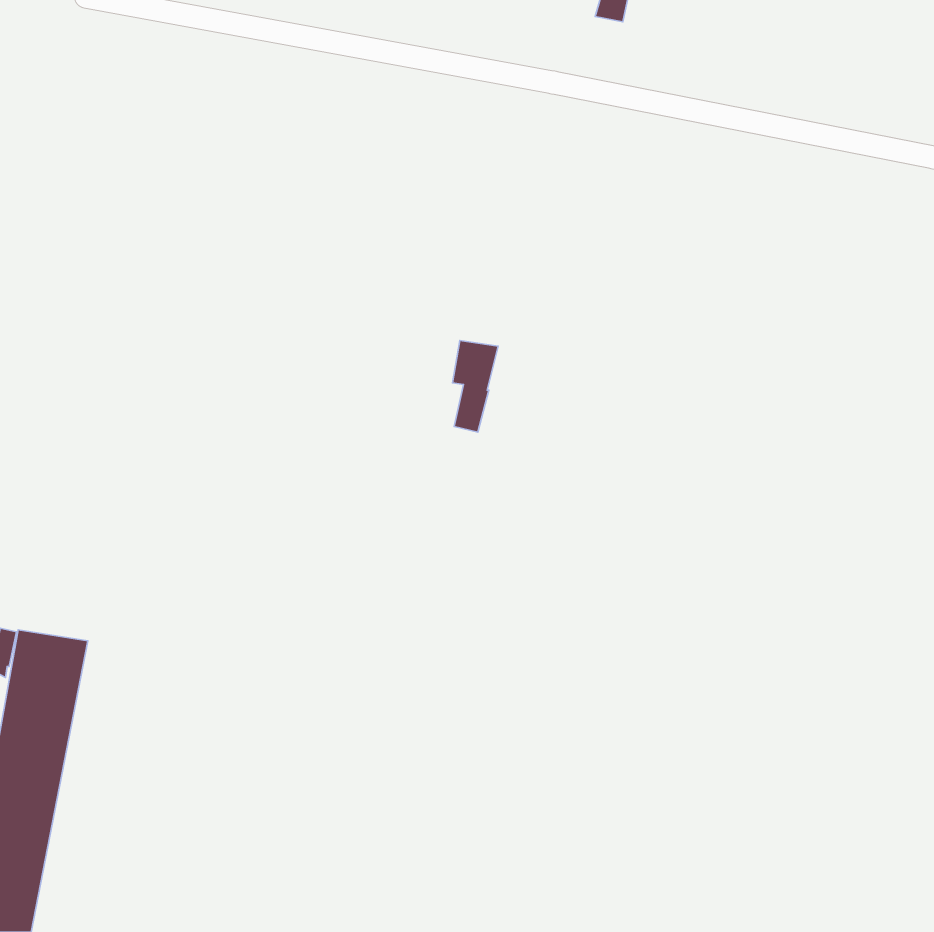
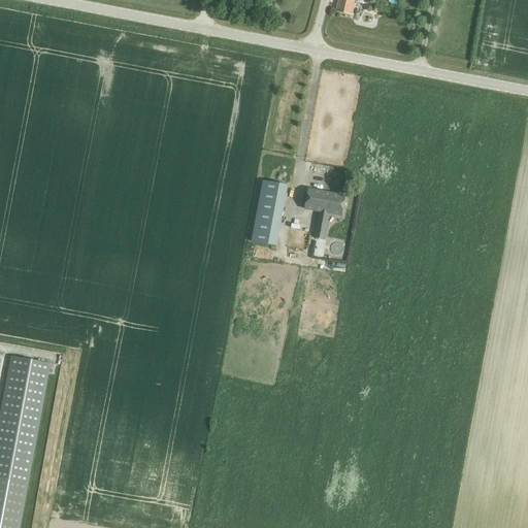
building: none -> [303,188,345,238]

